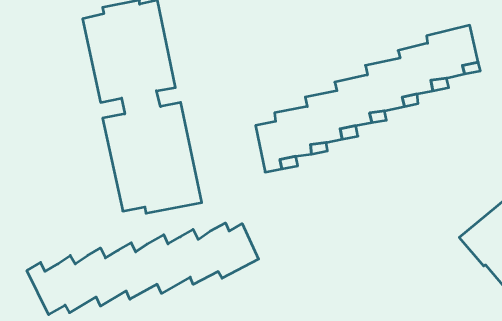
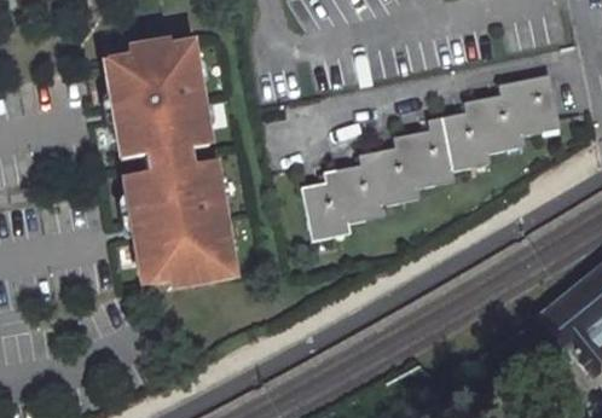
building: [27,223,259,315] -> none

